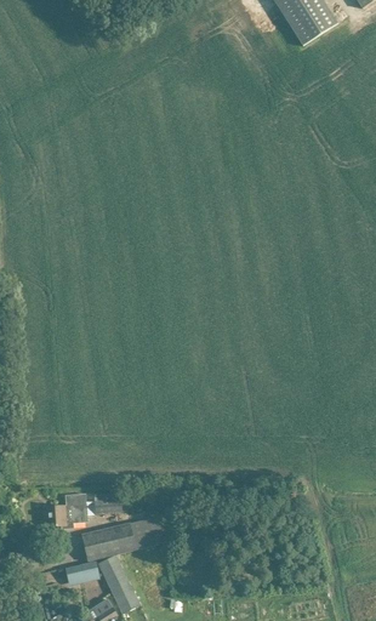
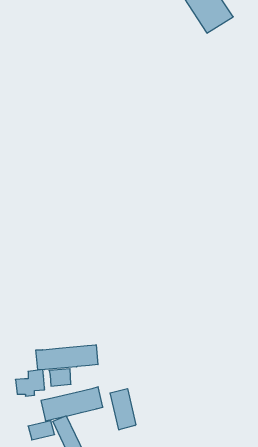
building: none -> [36,345,98,370]
building: none -> [110,389,136,430]

